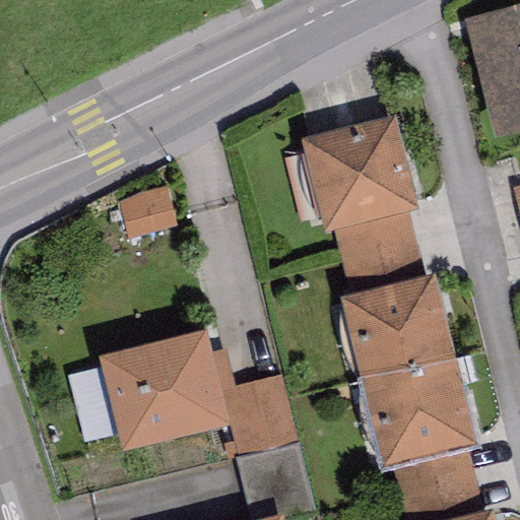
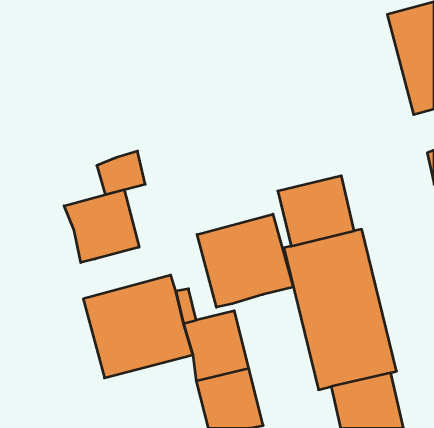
building: [301,114,417,231] -> none
building: none -> [64,190,139,263]
building: none -> [197,214,293,307]

